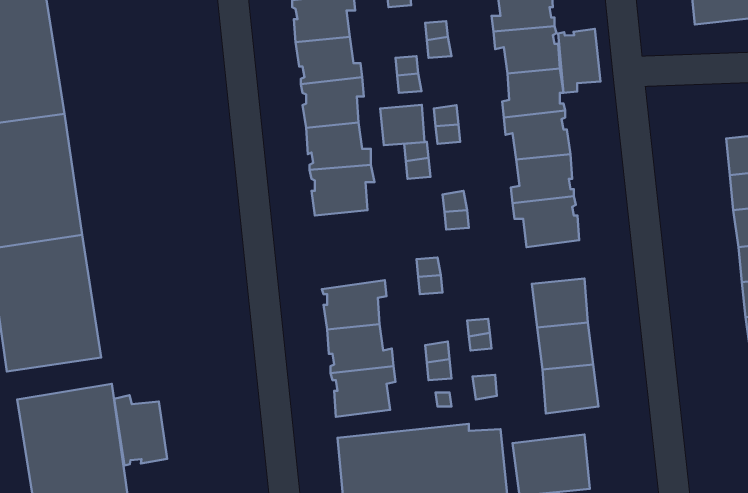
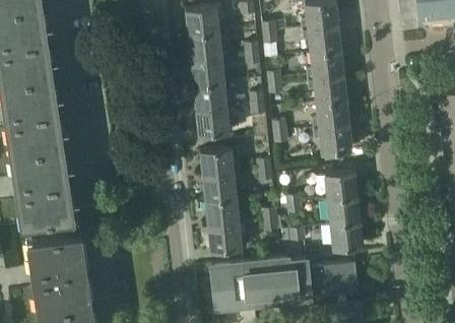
building: [558,29,600,93] -> none
building: [380,105,424,145] -> none
building: none -> [200,147,239,178]
building: [114,395,167,466] -> none

